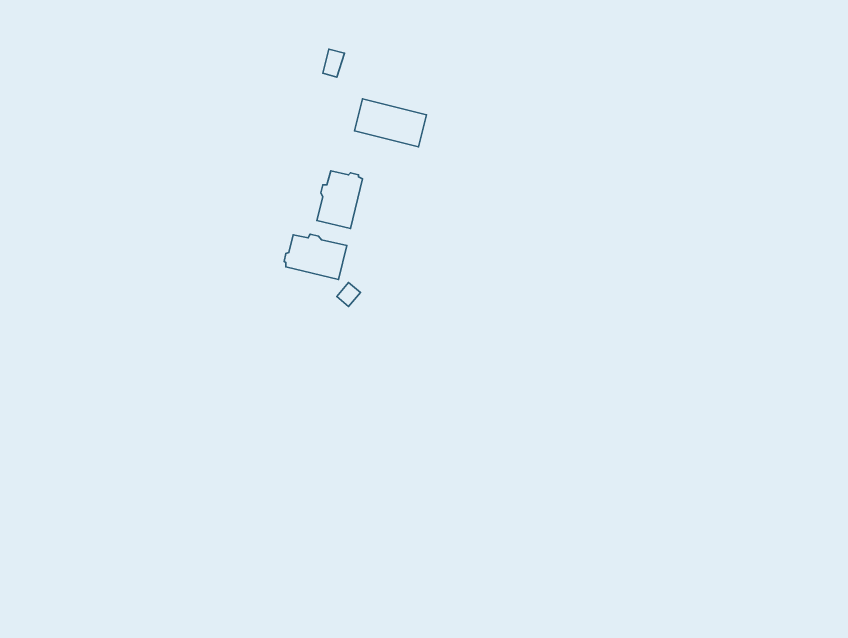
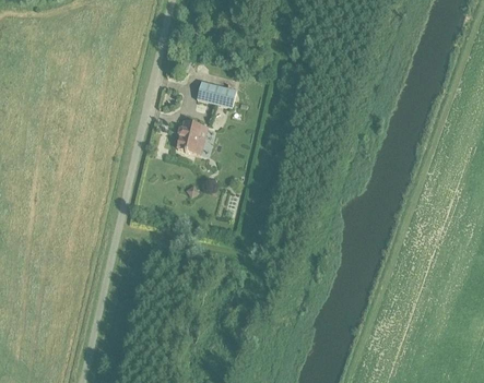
building: [284,234,347,280] -> none

